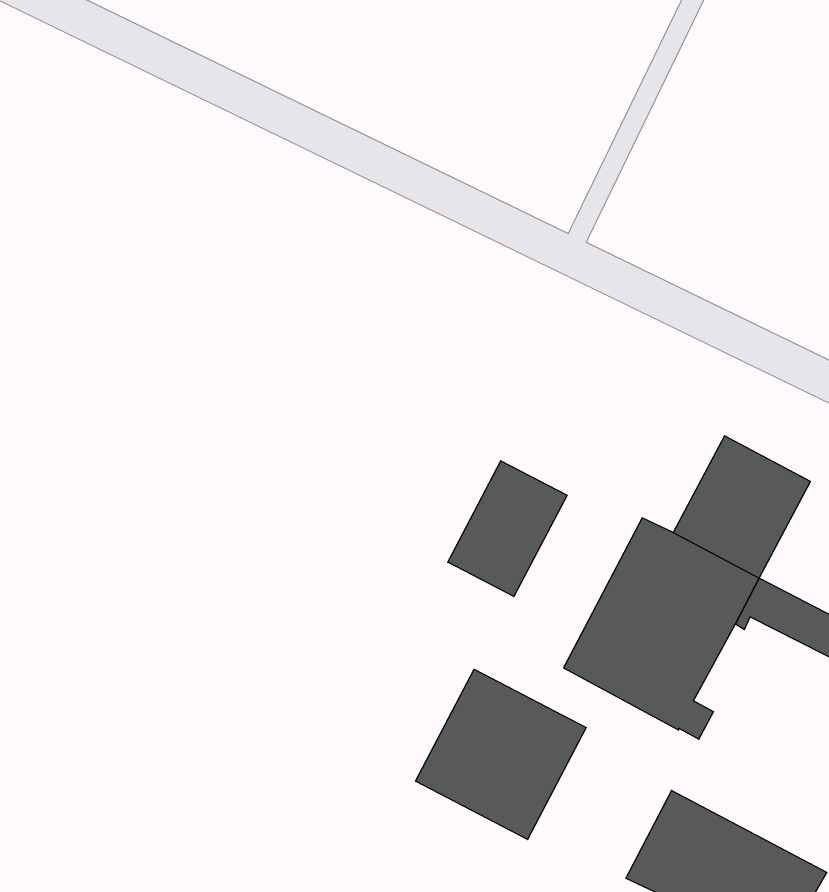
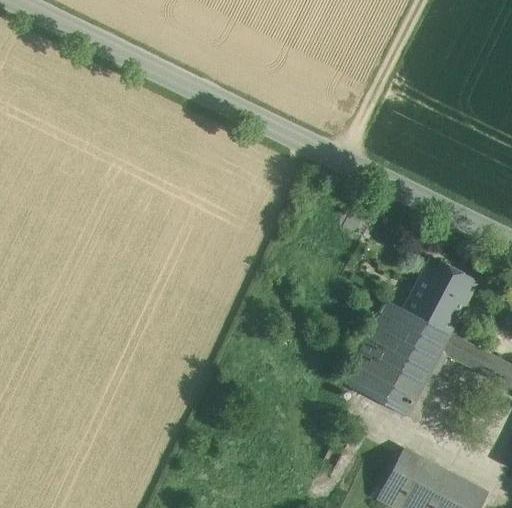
building: [448,461,567,597] -> none
building: [416,669,586,840] -> none

